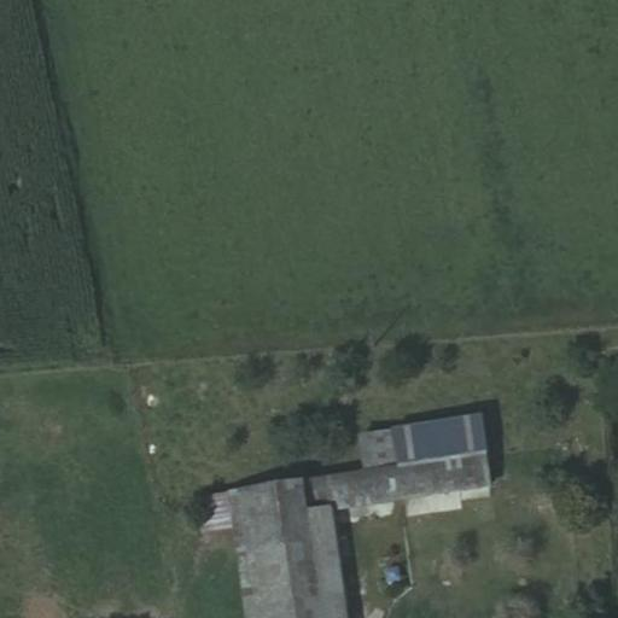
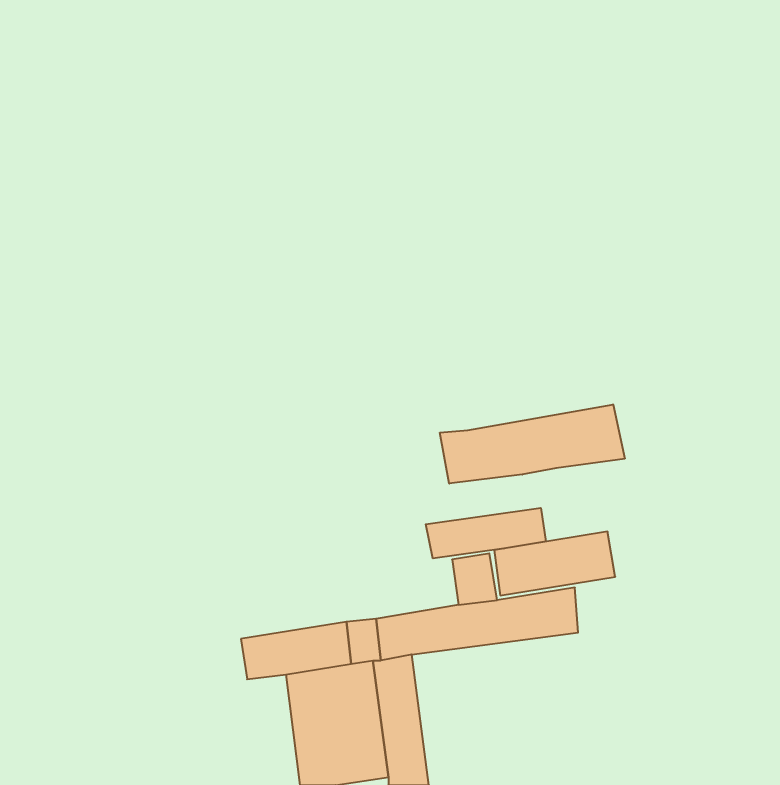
building: none -> [440,404,625,484]
building: none -> [426,508,546,558]
building: [457,451,492,491] -> none

